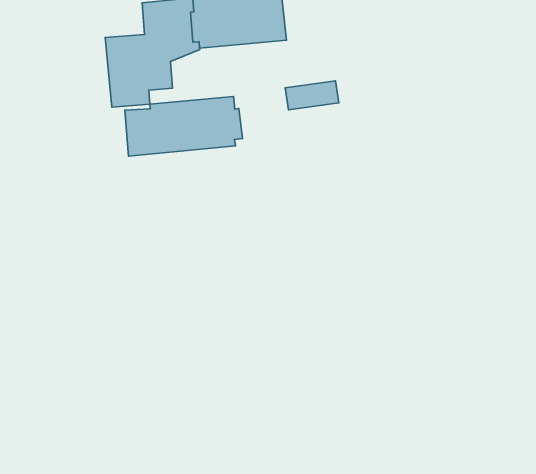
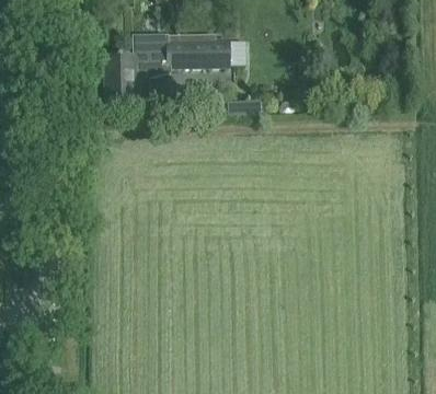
building: [125,96,242,156] -> none

